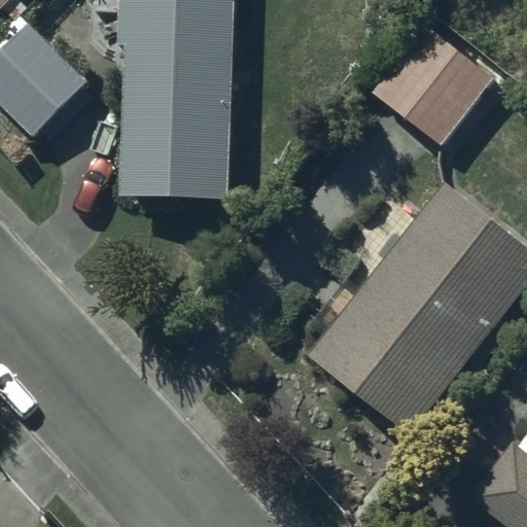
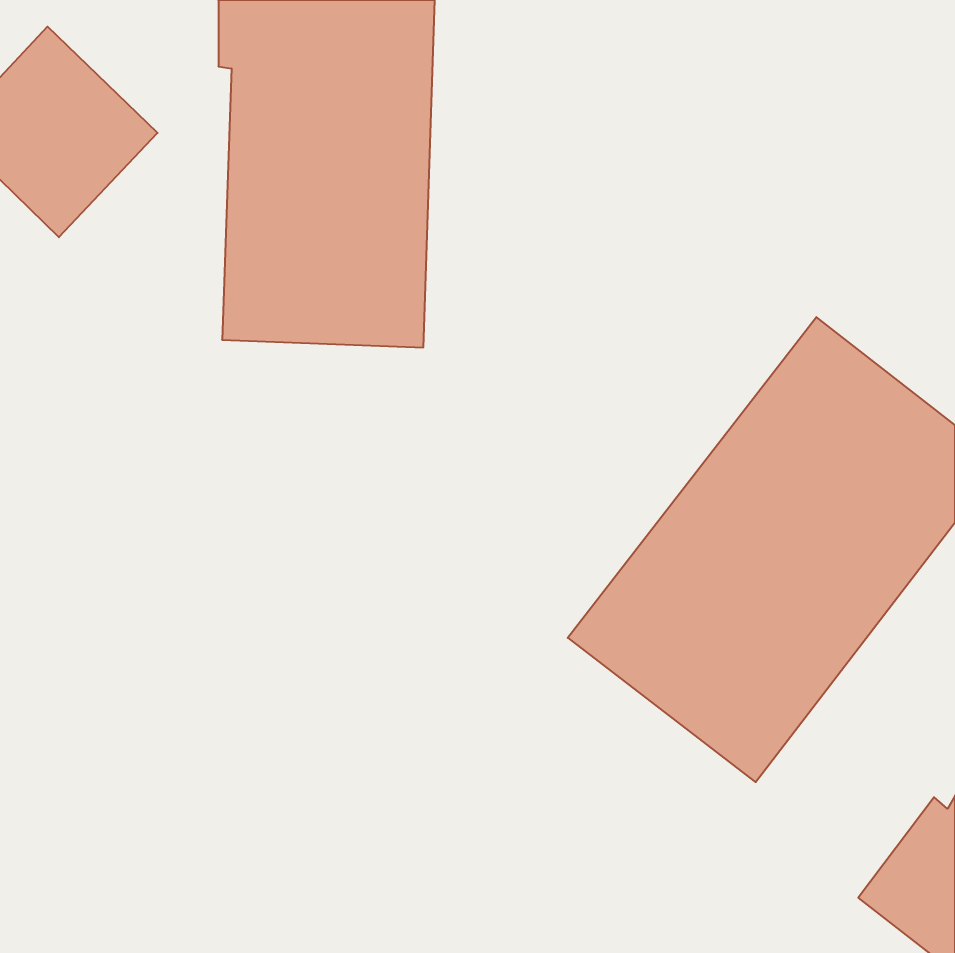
building: [368,23,494,147] -> none

